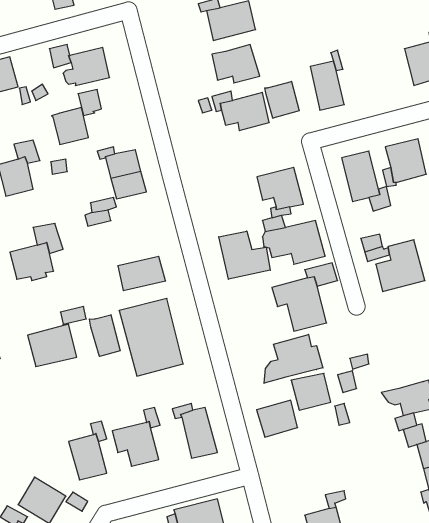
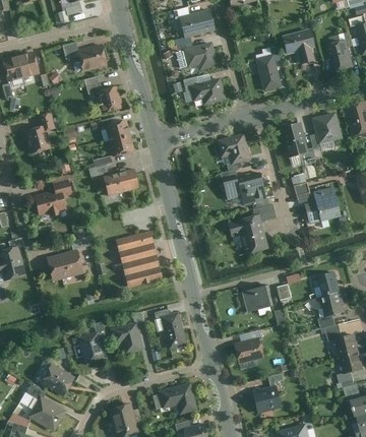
building: none -> [282,28,315,65]
building: [265,81,299,118] -> none
building: [52,108,88,144] -> [95,85,122,113]
building: [219,231,270,279] -> none
building: [118,256,166,291] -> [103,170,138,195]
building: [89,315,120,356] -> none
building: [264,334,323,383] -> none
building: none -> [318,273,341,298]
building: [257,400,298,437] -> [234,337,264,365]

